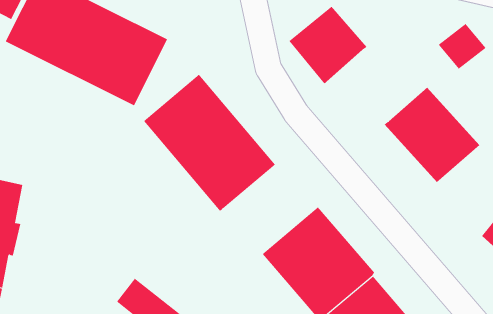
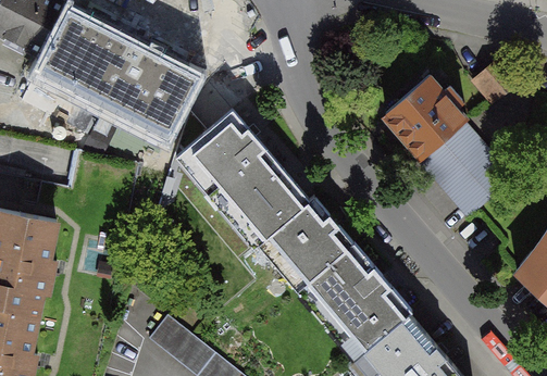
building: [289,6,367,84] -> [388,78,468,158]
building: none -> [258,198,353,291]

